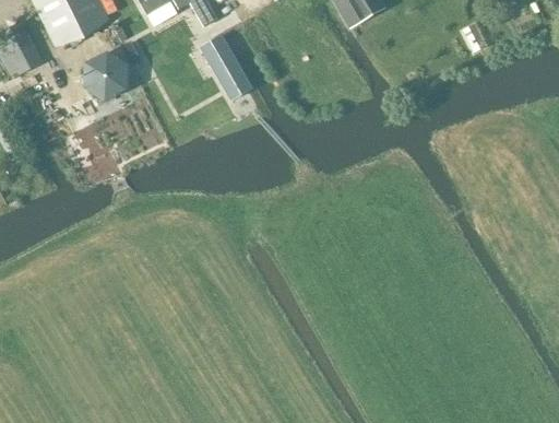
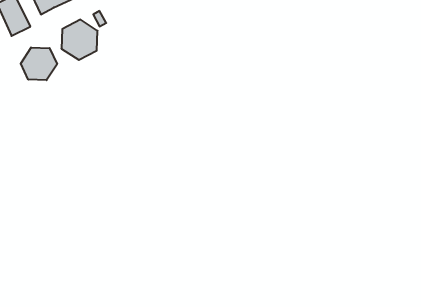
building: [201,37,250,101] -> none
building: none -> [21,47,57,80]

